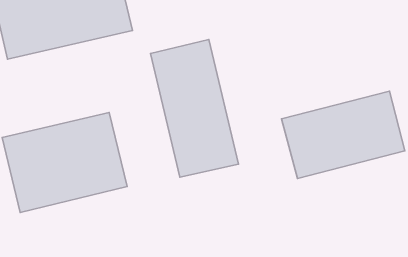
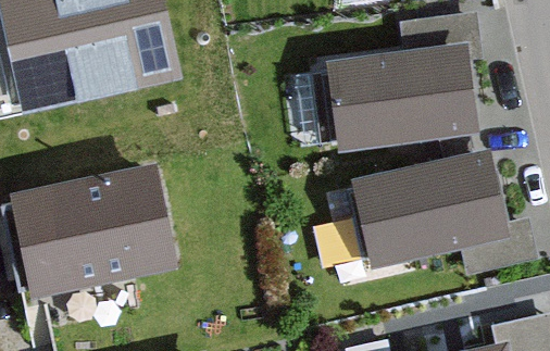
building: none -> [323,53,453,148]
building: [150,39,238,177] -> none

